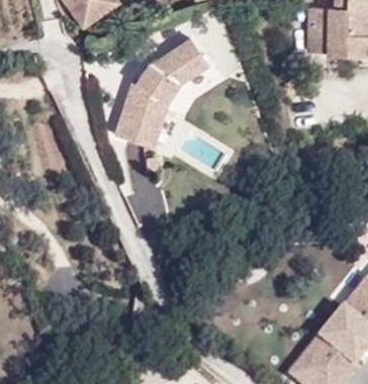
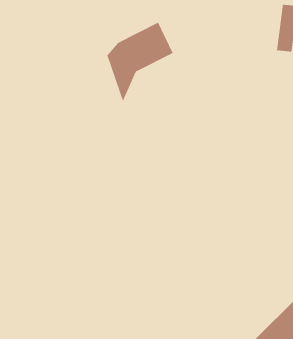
building: [114,77,162,148] -> none

